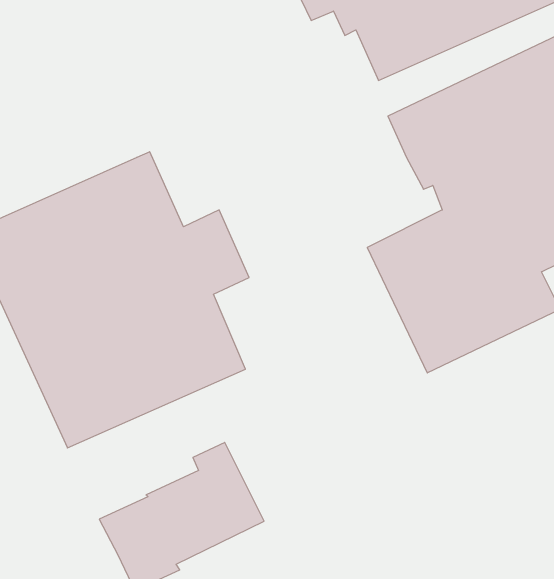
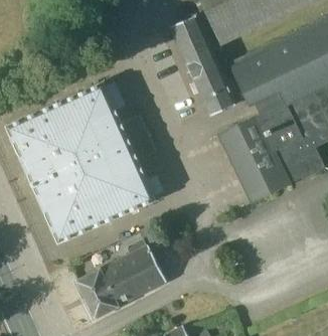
building: none -> [172,16,234,115]

